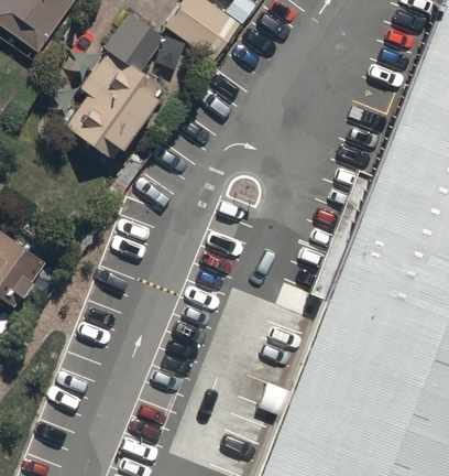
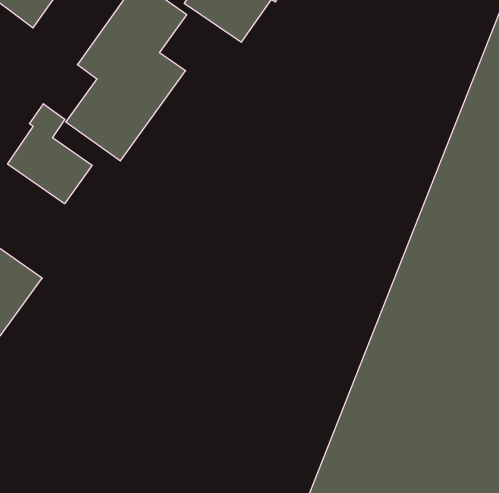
building: none -> [8,104,92,204]

